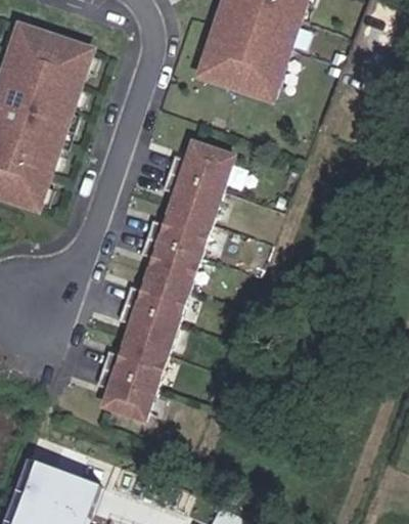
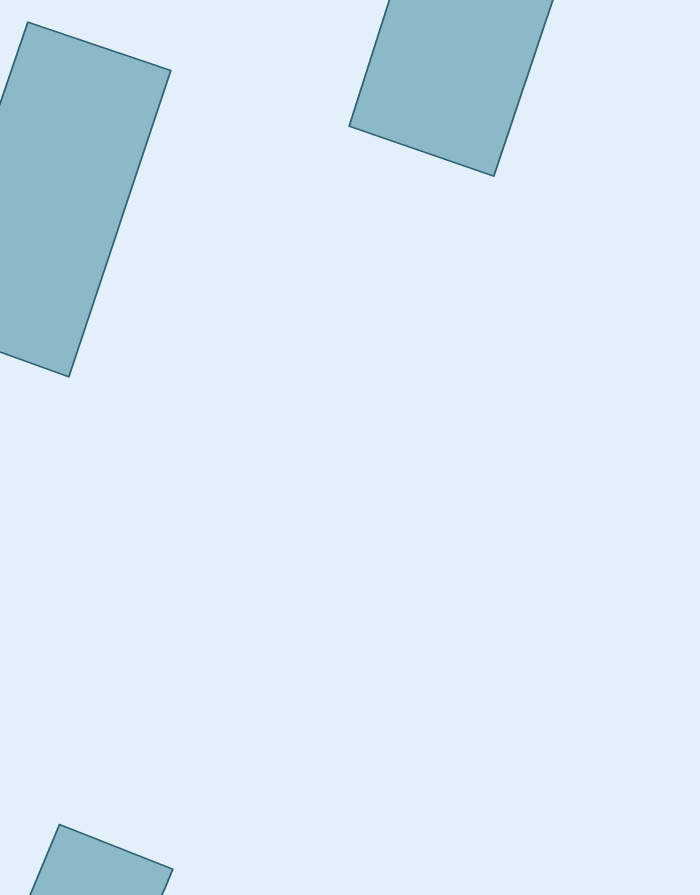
building: [98,137,236,423] -> none

